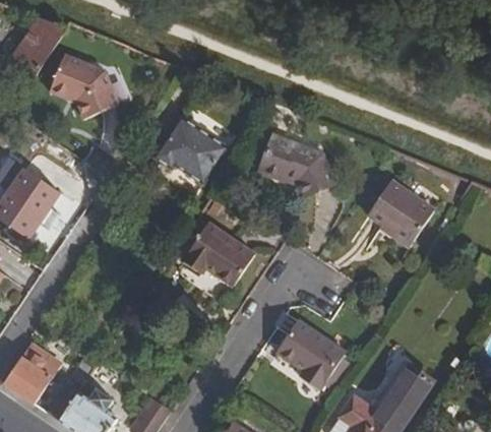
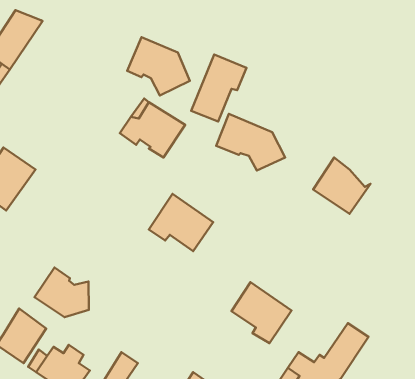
building: [47,55,117,120] -> [127,37,190,95]
building: none -> [191,54,246,121]
building: none -> [34,268,89,317]

